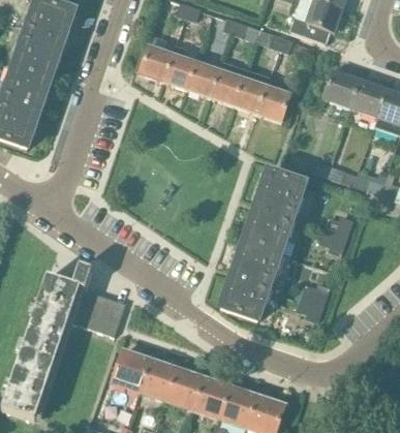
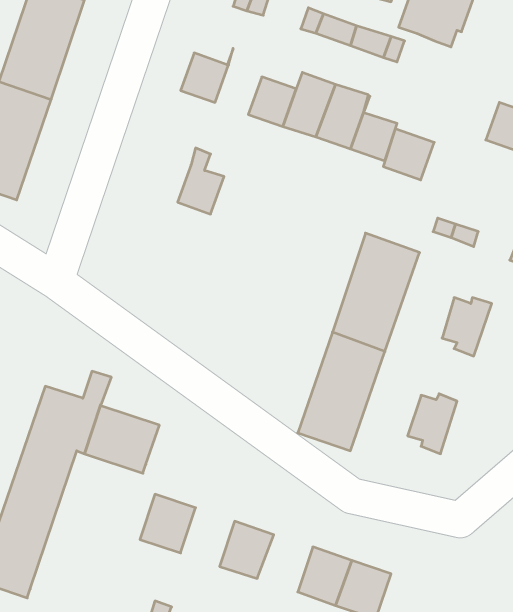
building: [163,43,195,89] -> [178,148,224,214]
building: [324,71,359,106] -> [383,129,434,180]
building: [140,360,177,400] -> none
building: [192,378,230,417] -> none

